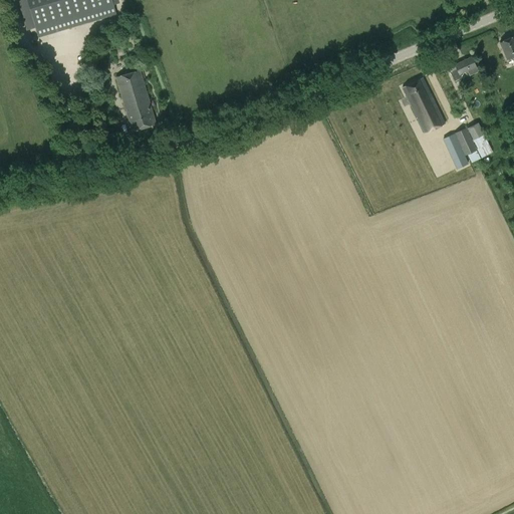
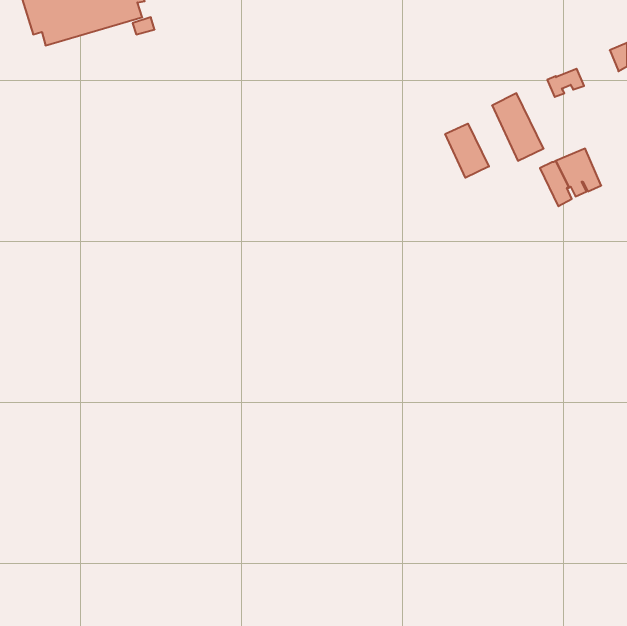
building: [116,68,156,128] -> none
building: none -> [445,124,489,178]

